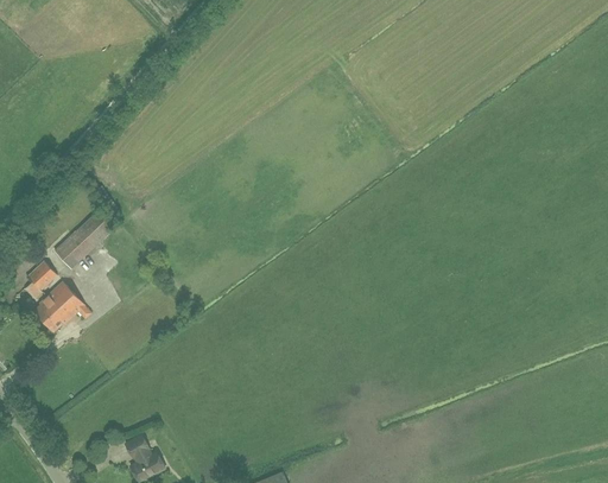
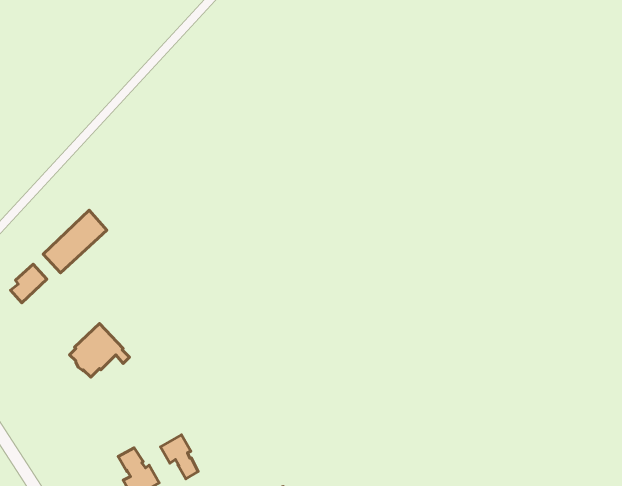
building: [33,281,90,332] -> [70,323,130,377]
building: none -> [161,435,198,479]

